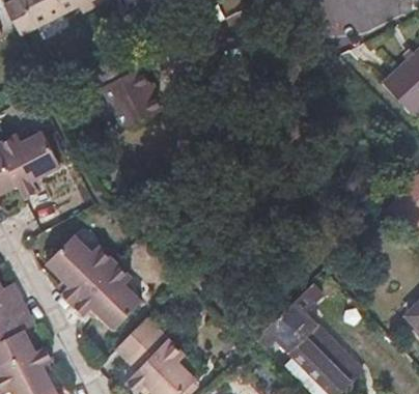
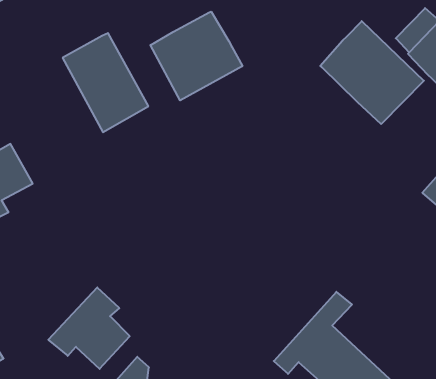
building: none -> [150,12,242,100]
building: none -> [320,21,424,124]
building: [46,236,113,306] -> none

